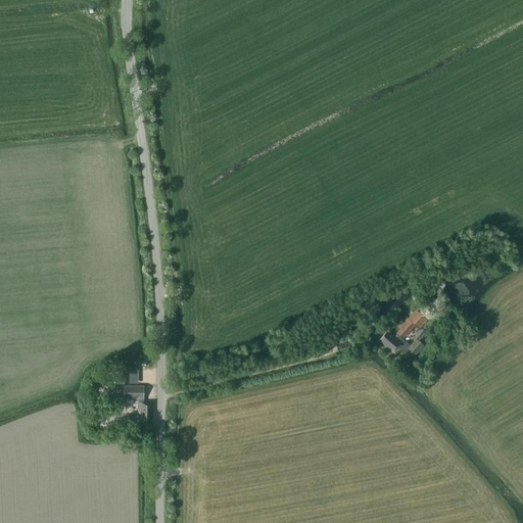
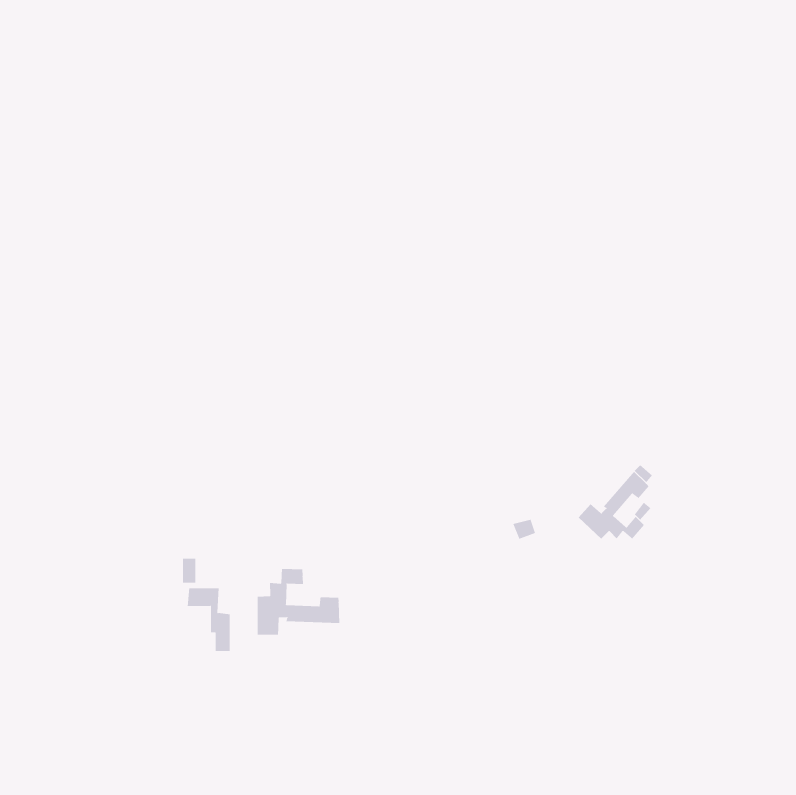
building: none -> [257,568,340,636]

